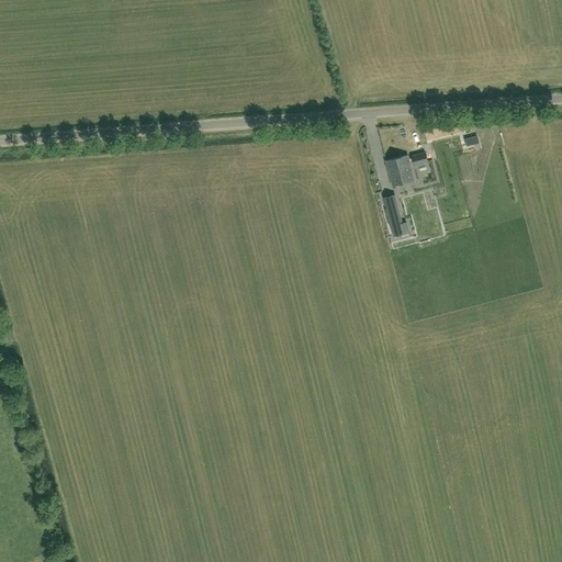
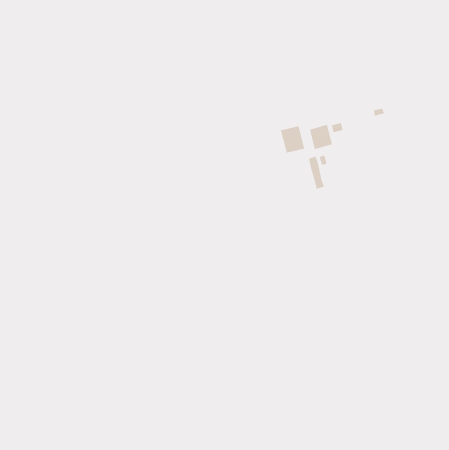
building: none -> [280,125,305,153]

